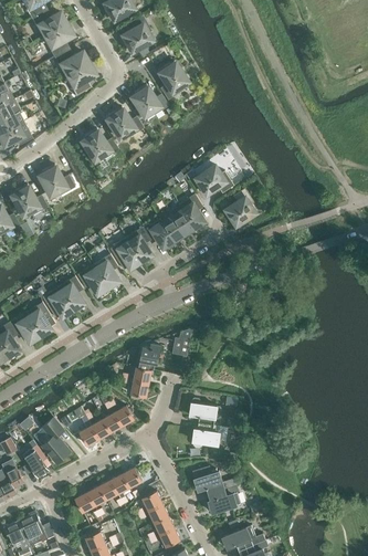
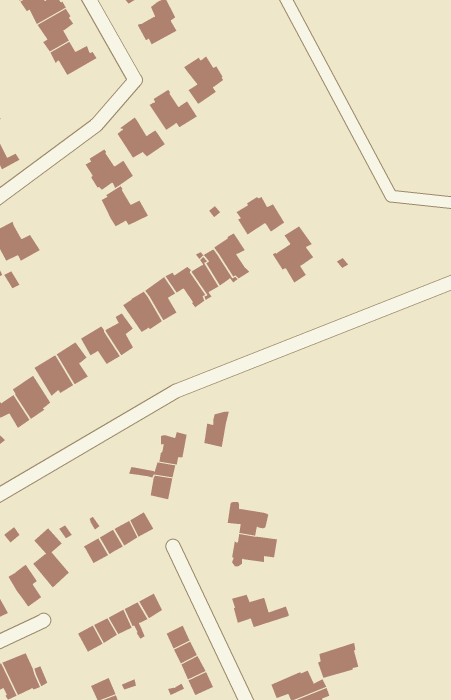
building: [67,61,96,96] -> none
building: [38,165,74,197] -> [101,185,149,227]
building: [208,485,240,513] -> [317,642,359,679]

